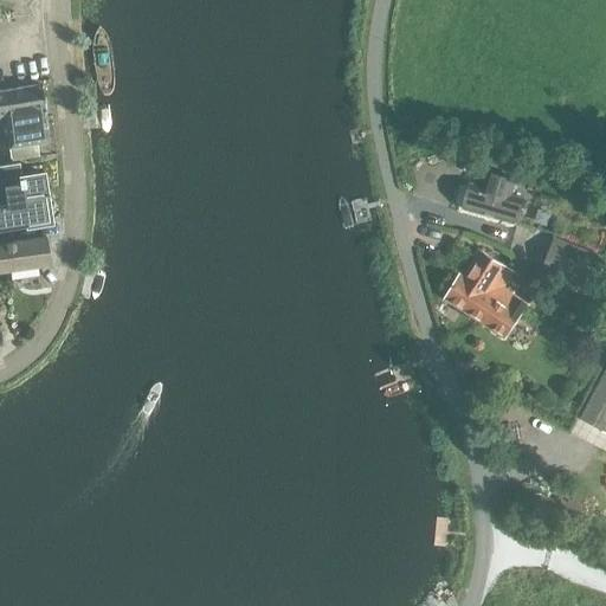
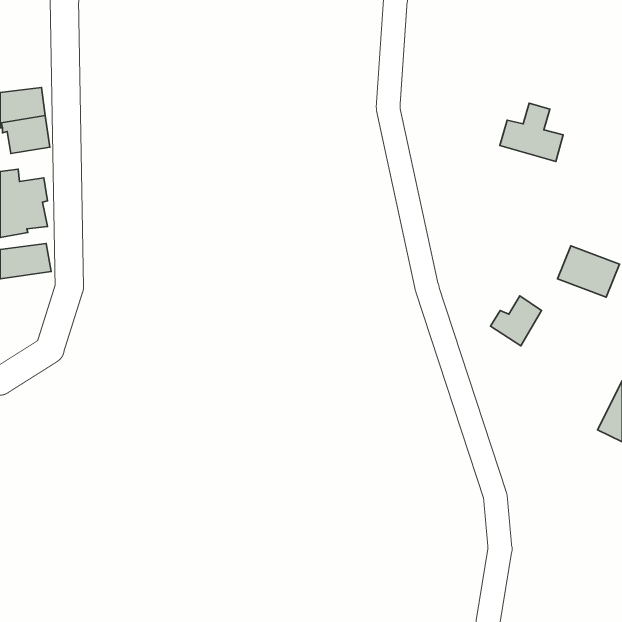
building: [463,167,524,224] -> [500,103,563,161]
building: [445,250,514,317] -> none

